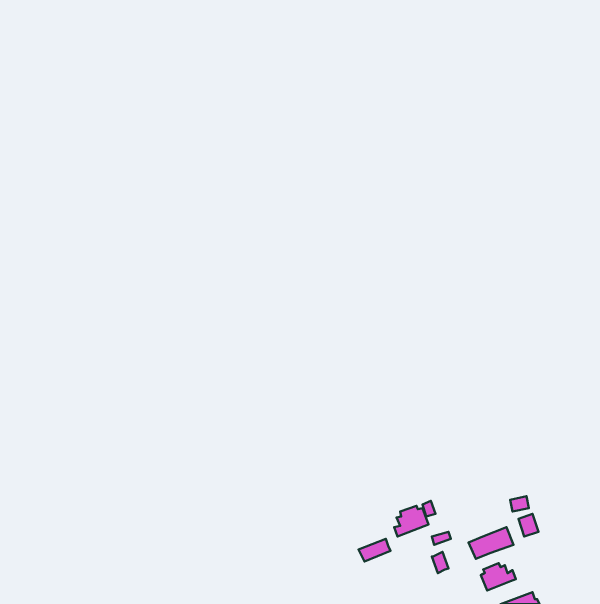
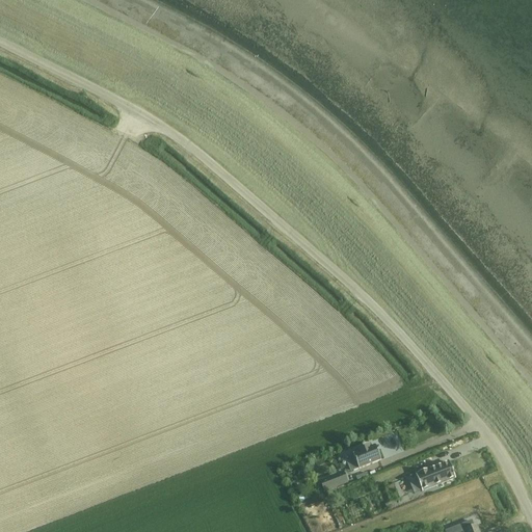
building: [481,563,516,590] -> none

